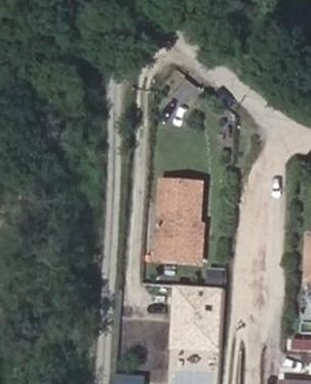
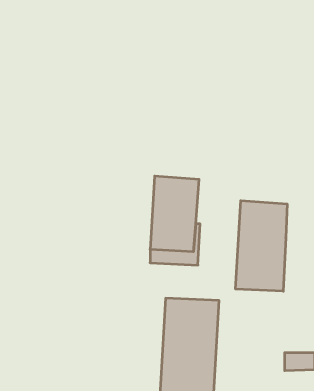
building: none -> [236,201,287,291]

